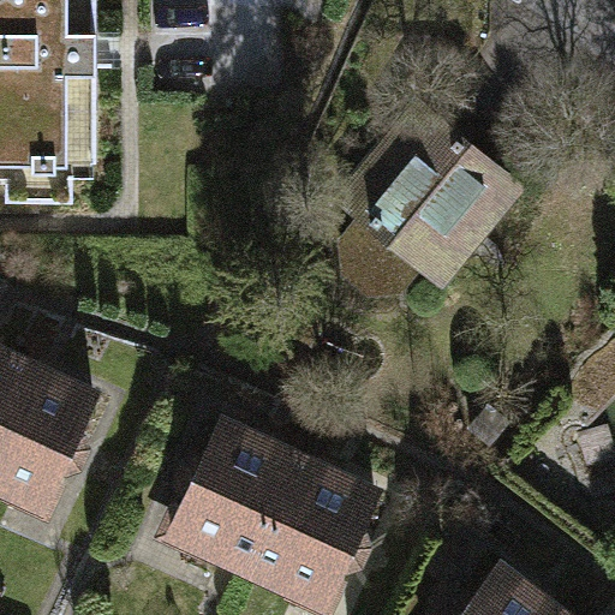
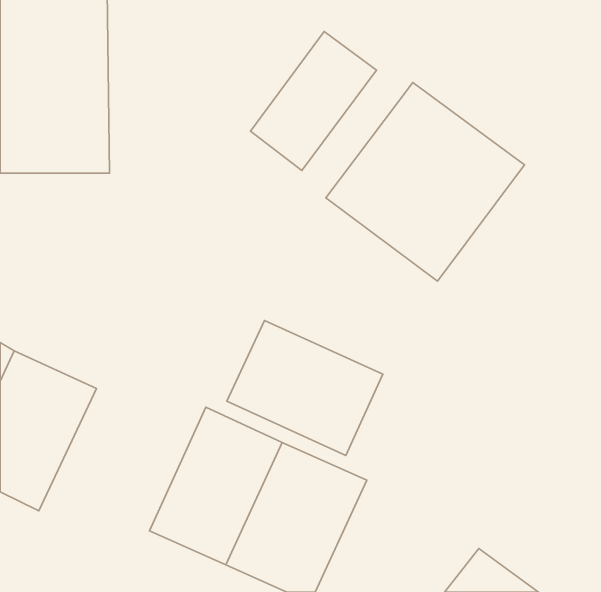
building: none -> [250,31,377,170]
building: none -> [227,321,383,456]

